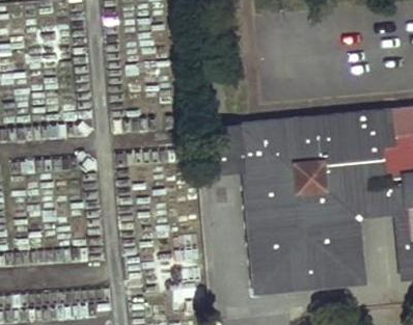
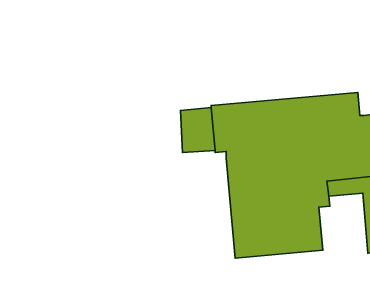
building: [243,170,367,293] -> none

